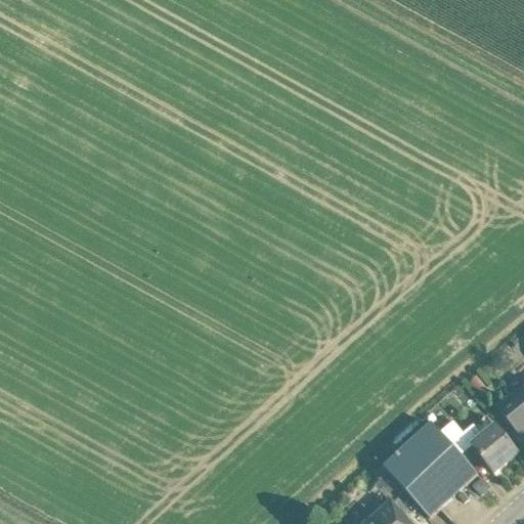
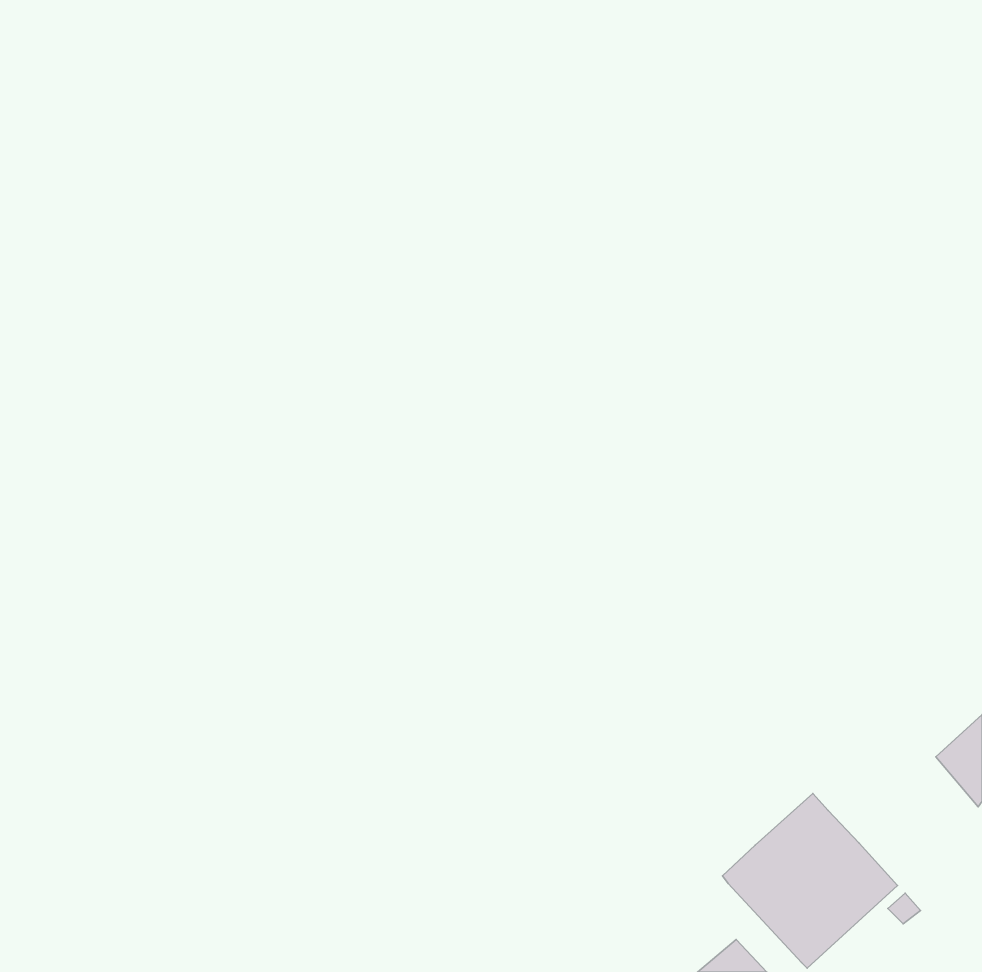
building: [441,413,518,472] -> none

